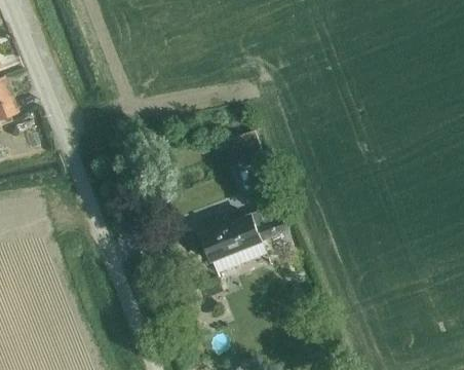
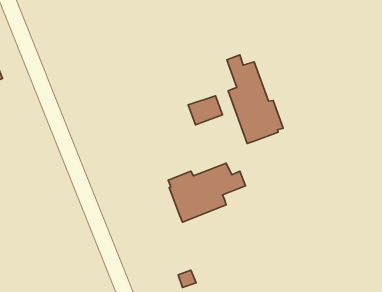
building: none -> [227,55,283,143]

